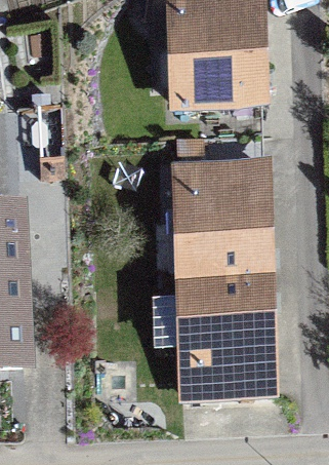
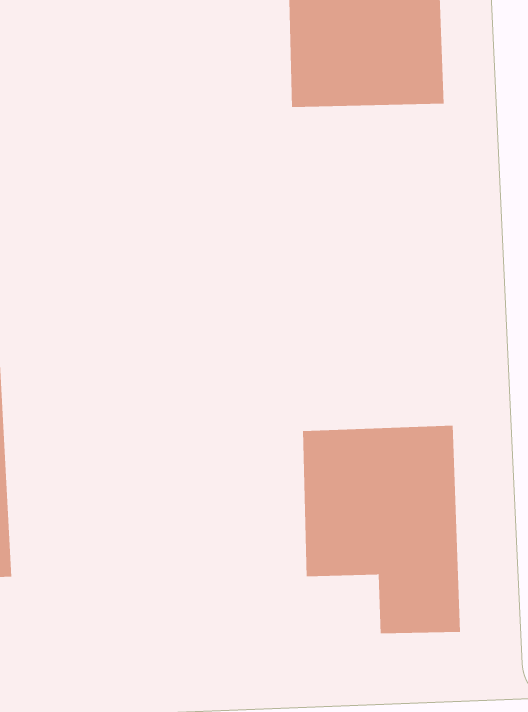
building: [180,166,268,283] -> none

